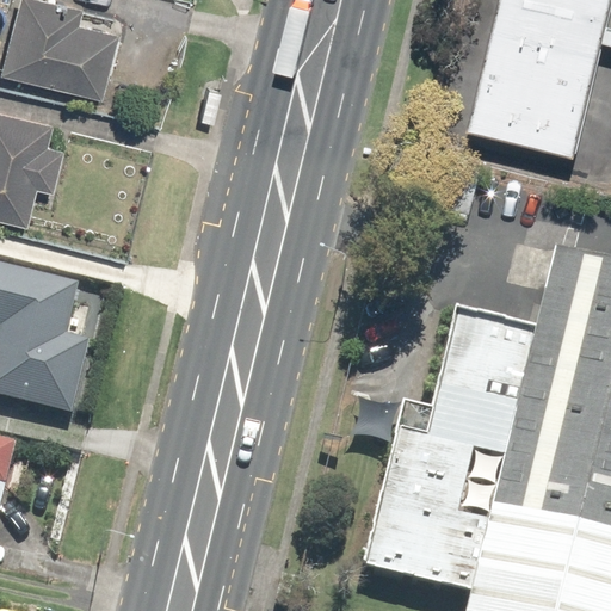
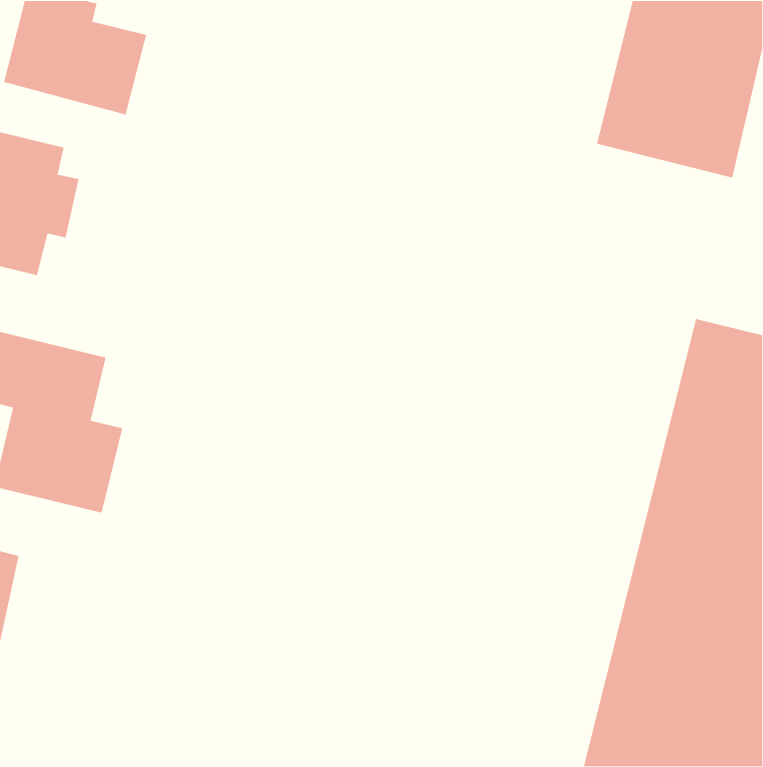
building: [362,313,533,597] -> none

